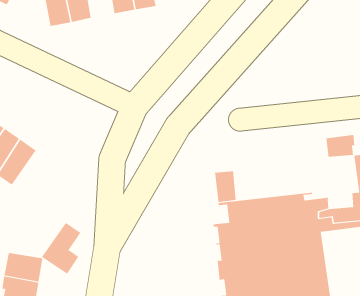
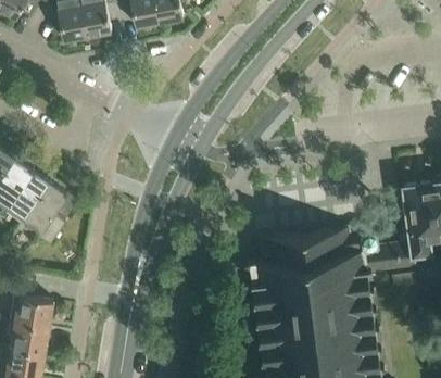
building: [326,134,355,158] -> none
building: [215,171,236,203] -> none
building: [41,222,81,274] -> [21,179,65,238]

